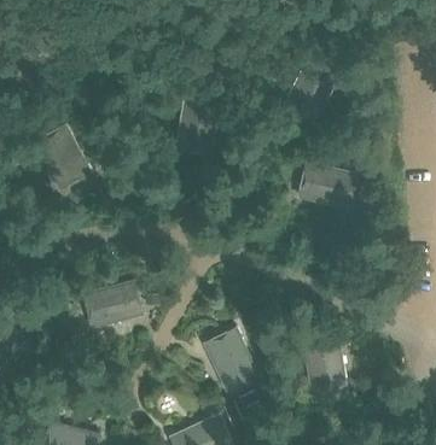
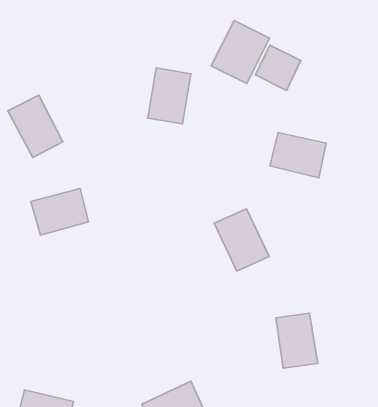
building: none -> [211,20,269,83]
building: [83,280,141,327] -> [31,188,88,235]
building: [203,328,258,391] -> [214,209,269,271]

